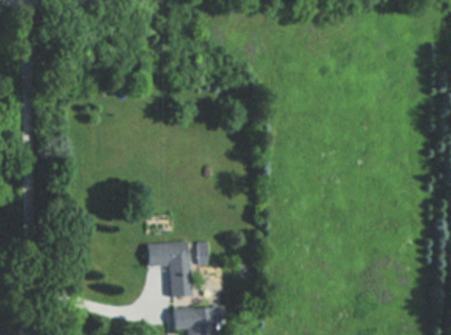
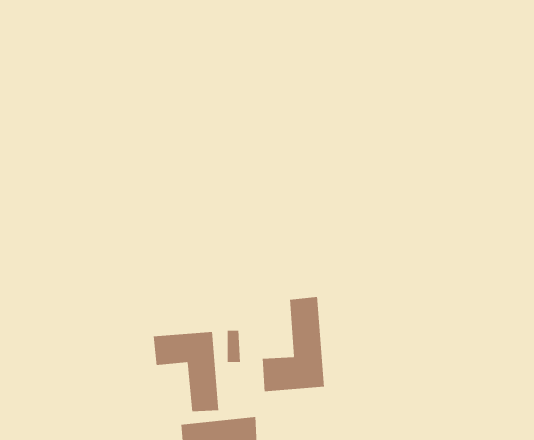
building: none -> [262,296,325,392]

